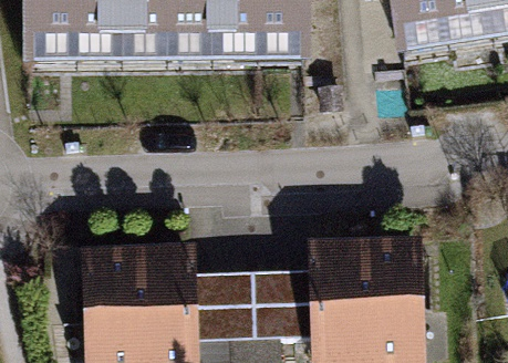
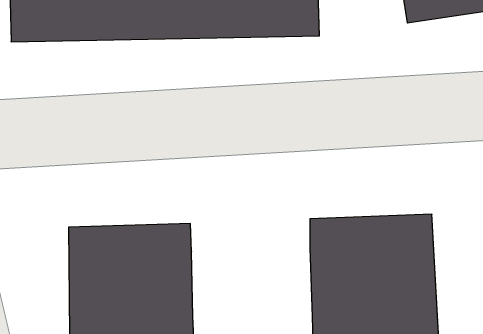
building: [196,269,310,333] -> none

